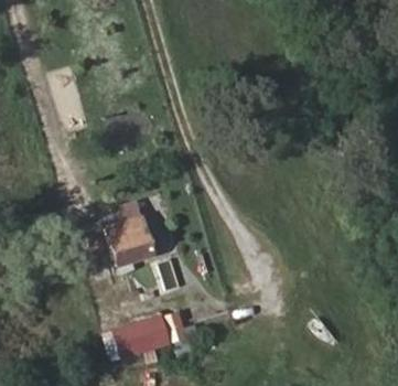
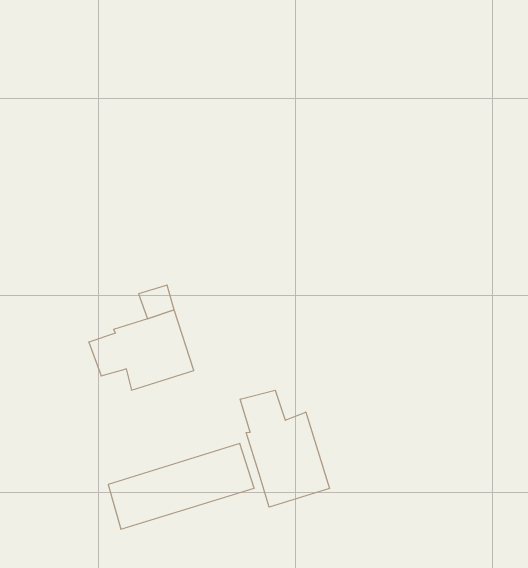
building: none -> [240,390,330,507]

